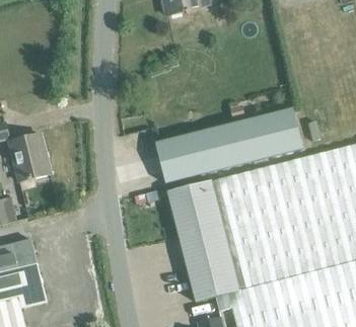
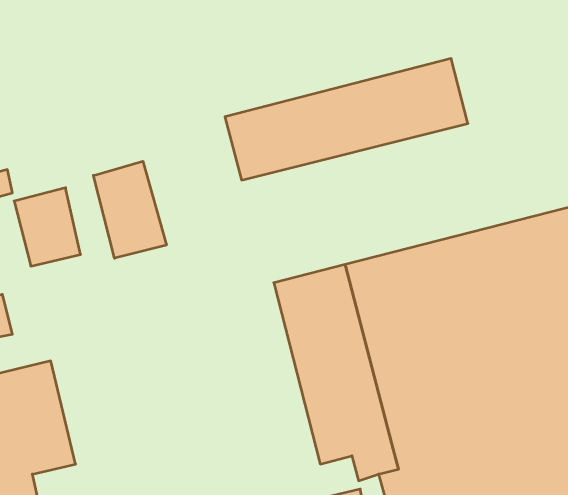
building: [155,108,303,182] -> [225,59,468,180]
building: none -> [93,161,166,258]

